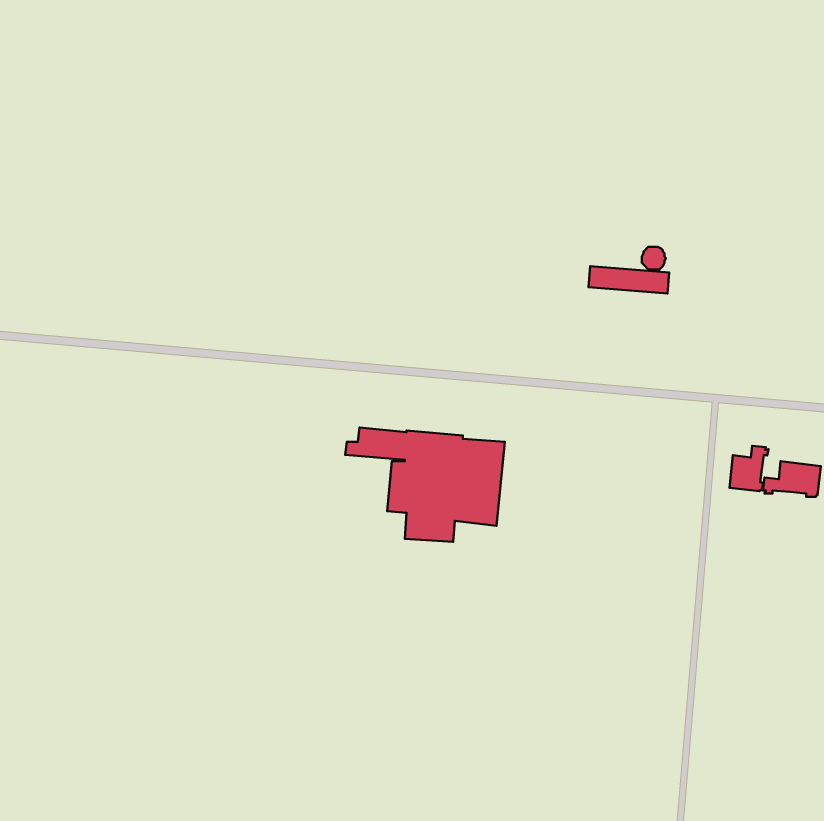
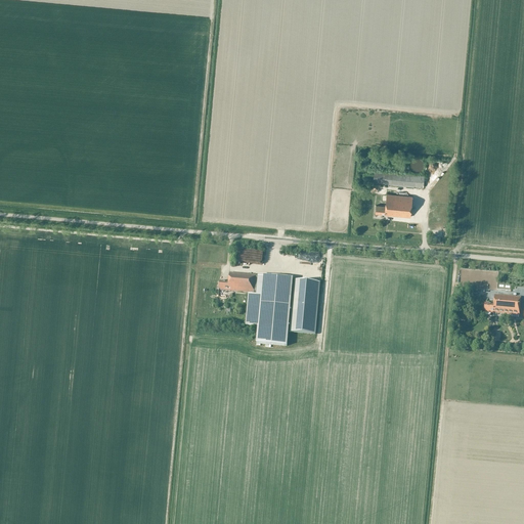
building: none -> [375,192,412,215]
building: [729,446,769,491] -> none

